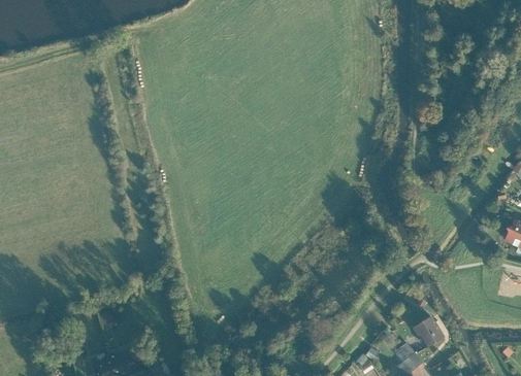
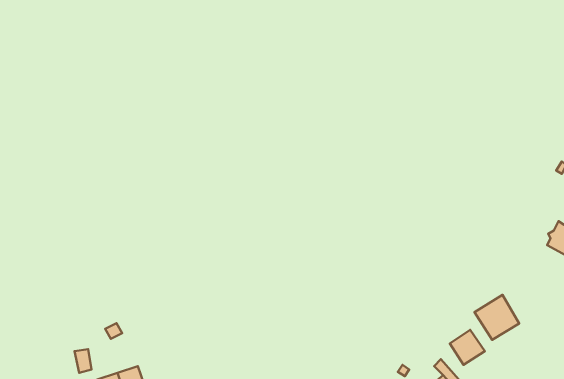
building: none -> [475,295,519,340]

